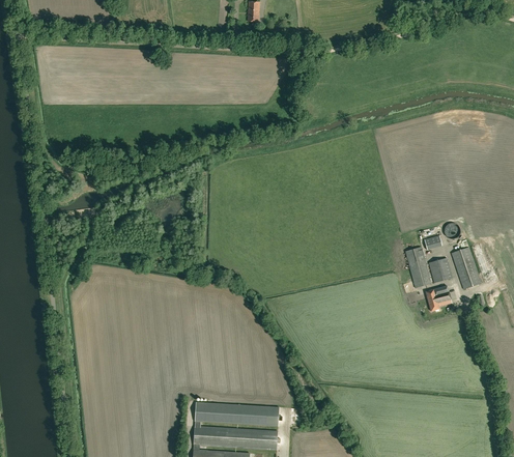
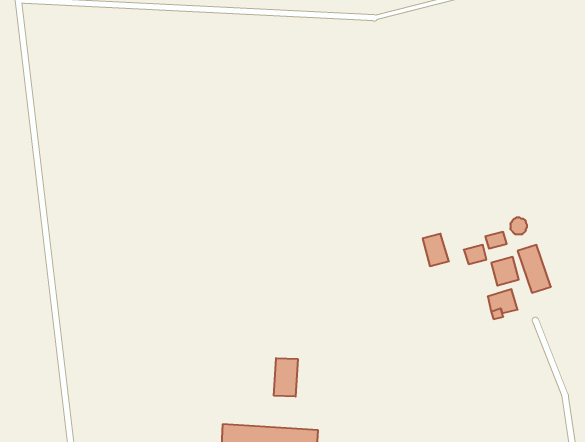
building: [409,259,432,287] -> [423,234,449,266]
building: none -> [274,358,298,397]

